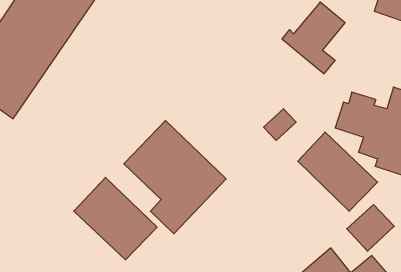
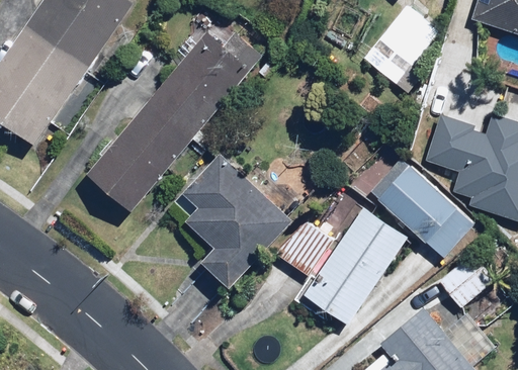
building: none -> [89,26,265,211]
building: none -> [304,207,407,323]
building: none -> [280,219,333,274]
building: [74,177,157,260] -> none

